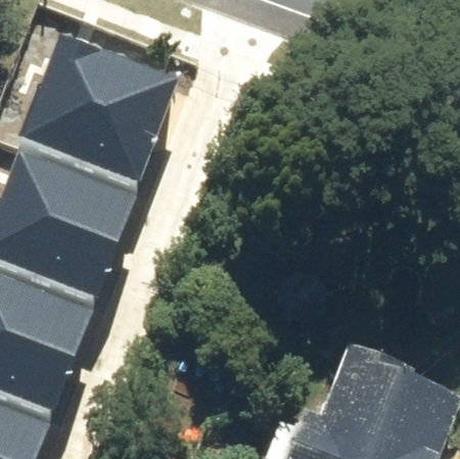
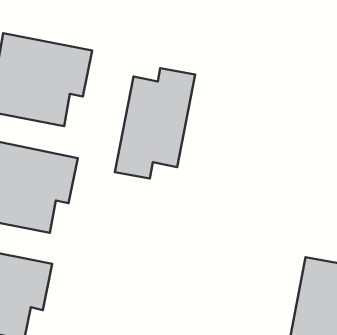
building: none -> [115,68,195,179]

